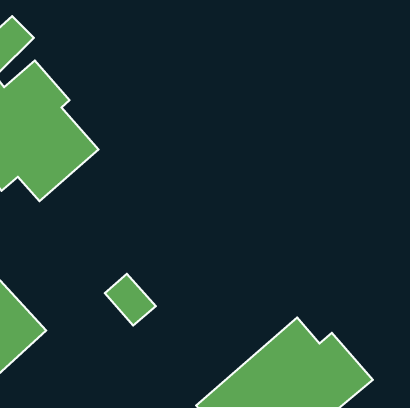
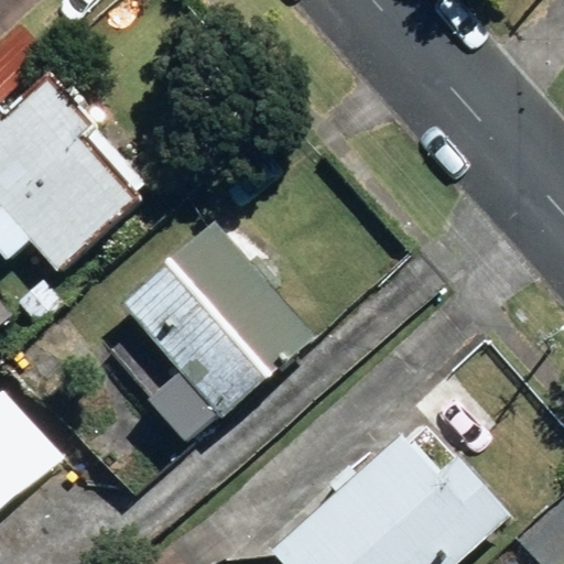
building: none -> [116,221,313,420]

